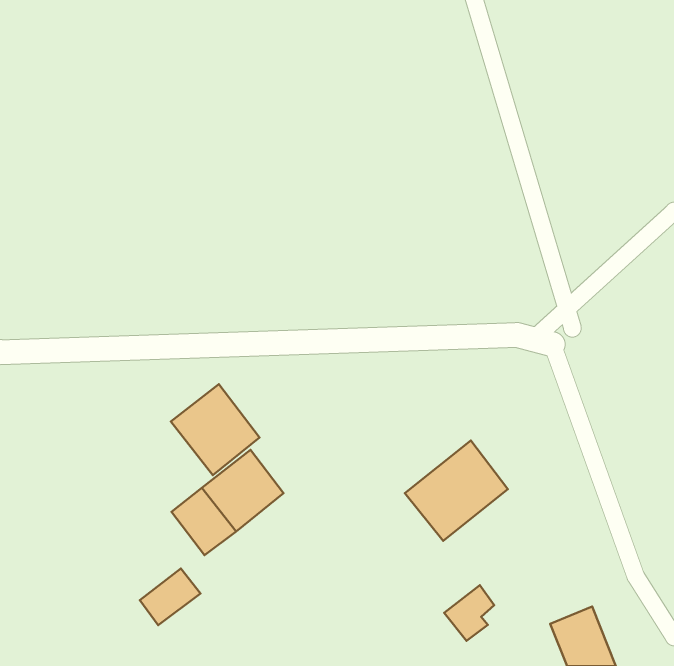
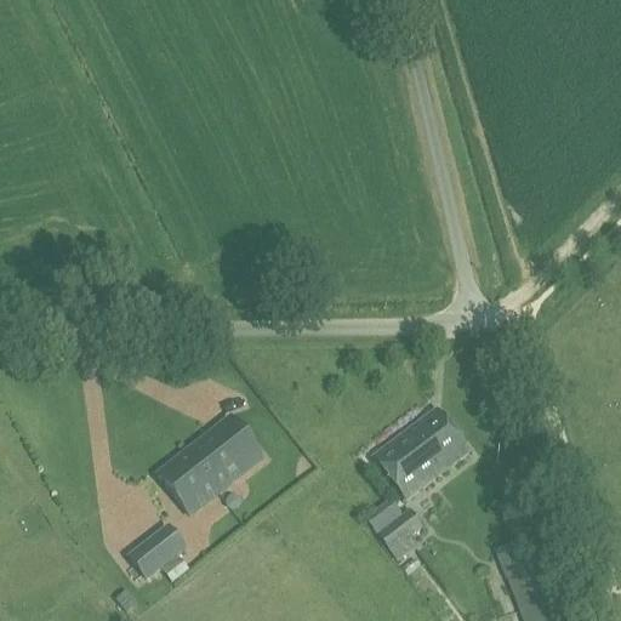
building: [171,384,259,475] -> none
building: [444,585,494,641] -> [376,505,422,556]

